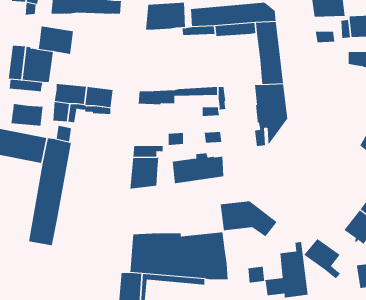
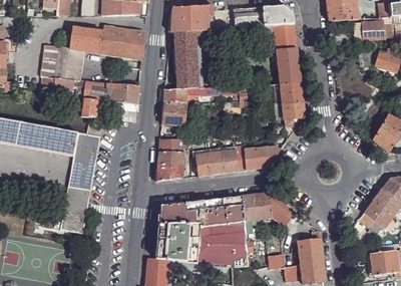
building: none -> [100,27,145,60]
building: none -> [174,30,197,88]
building: [11,103,43,127] -> none
building: none -> [161,100,185,125]
building: none -> [243,145,280,169]
building: none -> [158,195,244,225]
building: [304,238,341,279] -> none

